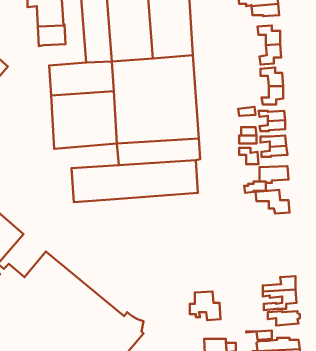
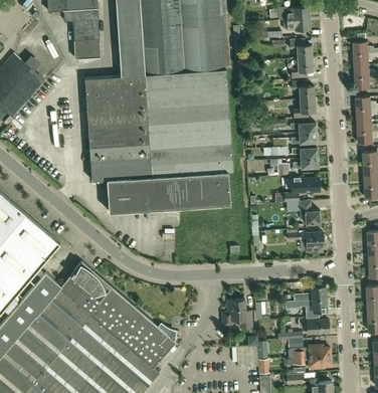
building: none -> [89,156,153,181]
building: none -> [287,231,323,252]

